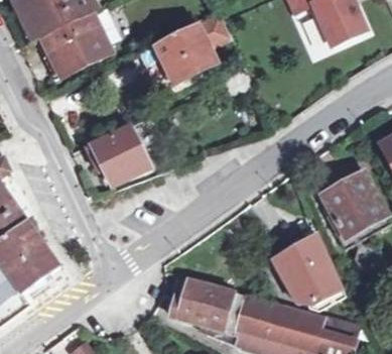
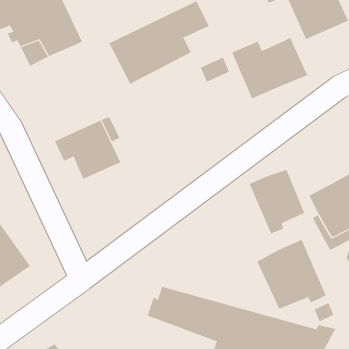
building: none -> [231,37,308,99]
building: none -> [249,169,305,234]

